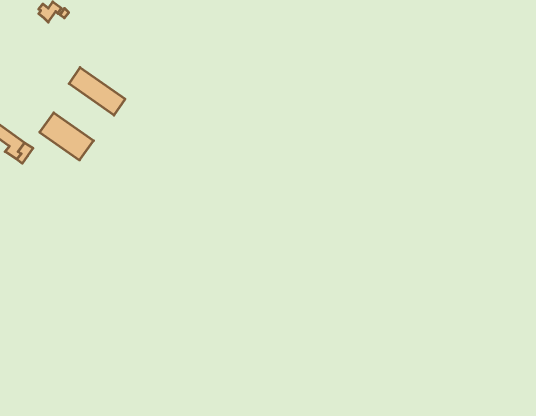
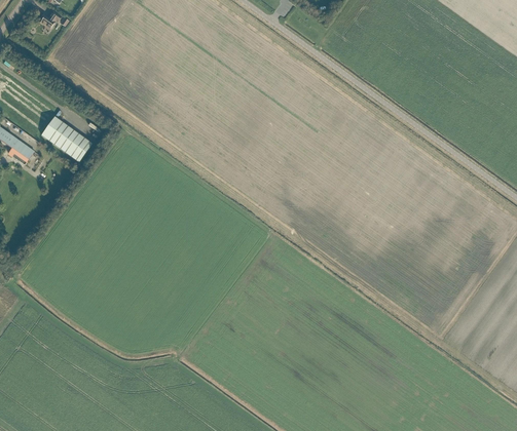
building: [69,67,125,115] -> none

